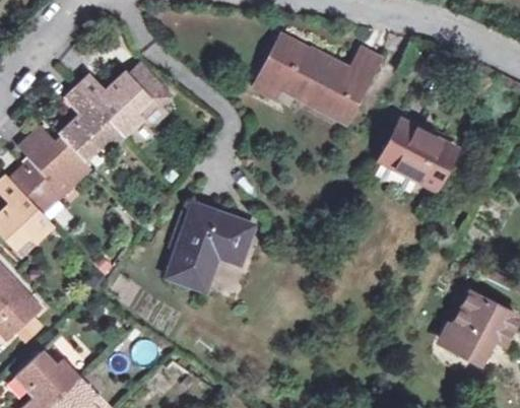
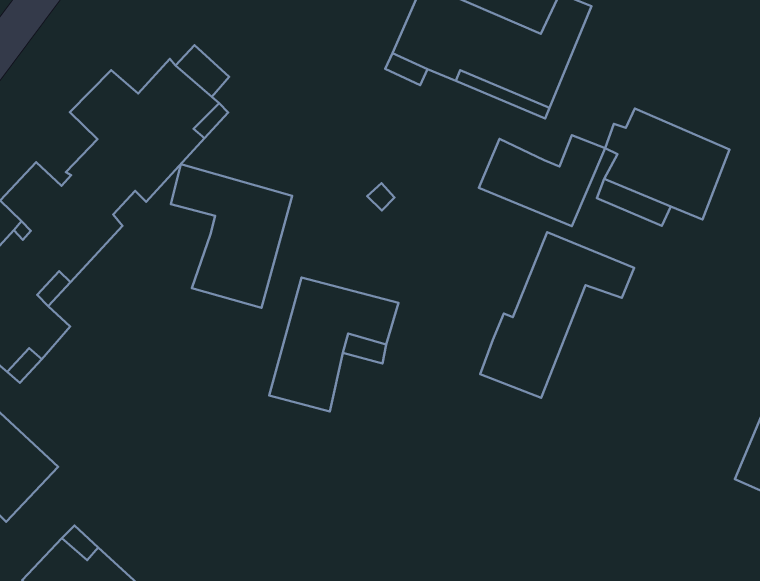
building: none -> [479,135,605,226]
building: none -> [171,164,292,308]
building: none -> [480,232,634,398]

